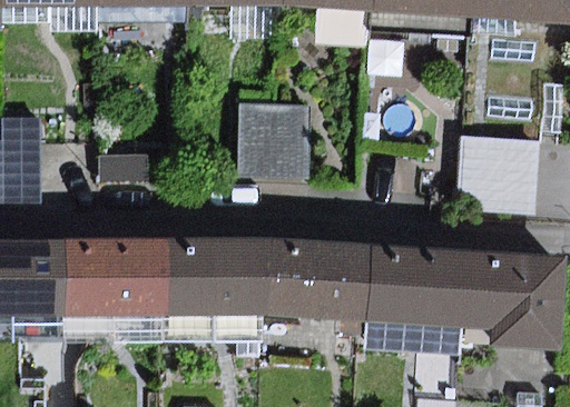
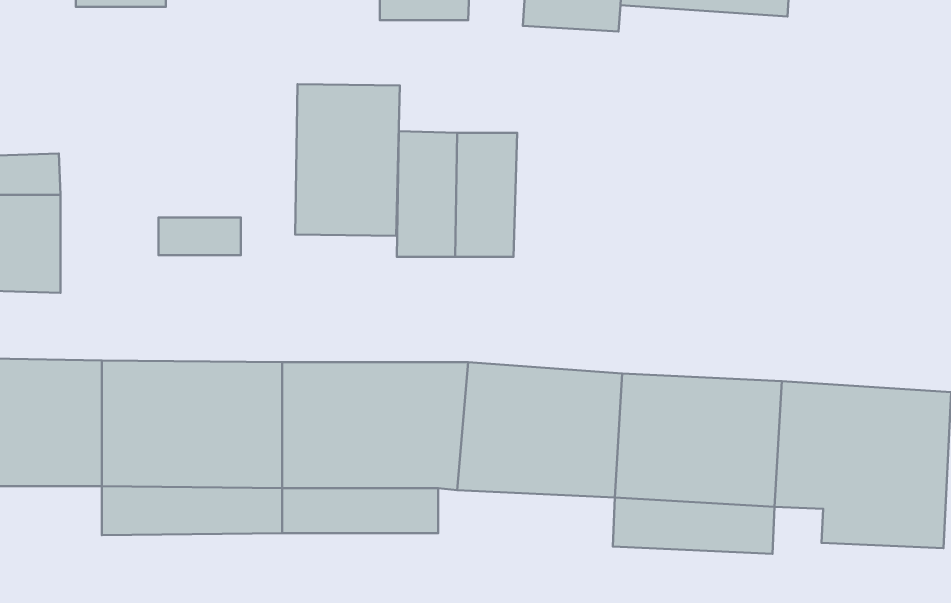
building: none -> [295,84,400,236]
building: [454,136,540,211] -> none

